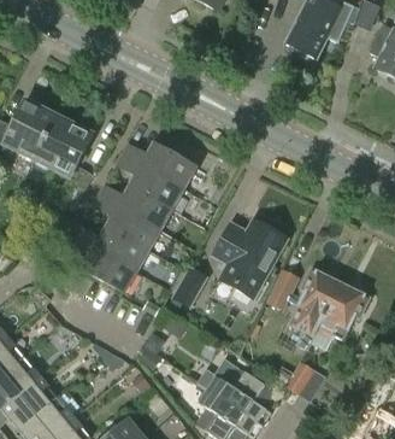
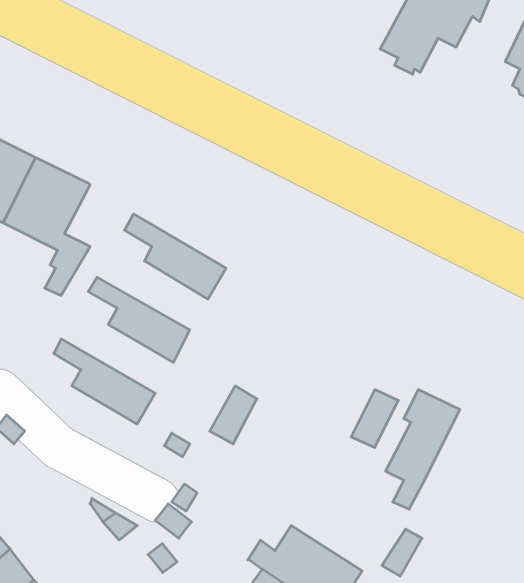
building: [122,144,195,189] -> none
building: [98,185,171,230] -> none
building: [212,224,285,298] -> none
building: [73,227,148,273] -> none
building: [316,283,367,339] -> none

